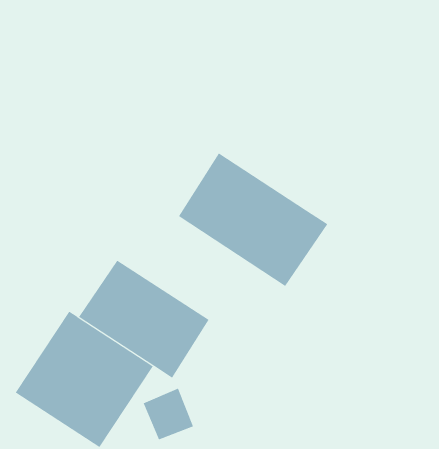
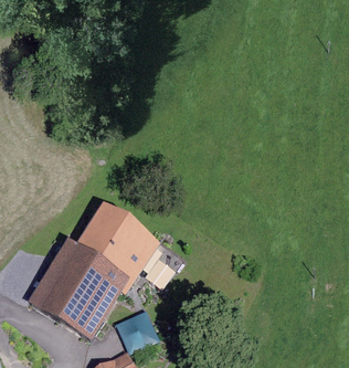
building: [178,152,328,287] -> none

